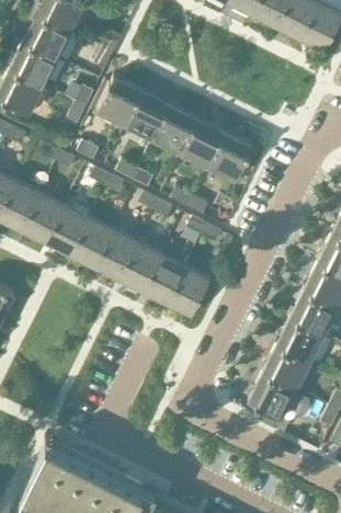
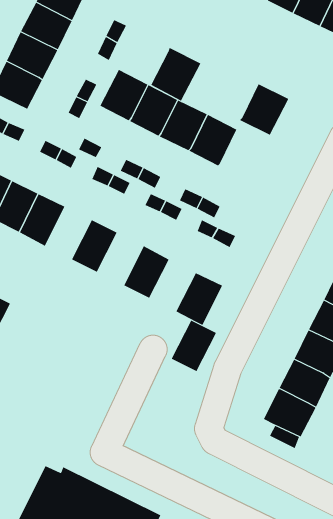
building: none -> [150,47,201,102]
building: [206,133,252,181] -> [239,84,289,136]
building: [46,204,89,253] -> none
building: [94,228,137,277] -> none
building: [143,253,185,301] -> [171,320,217,372]

